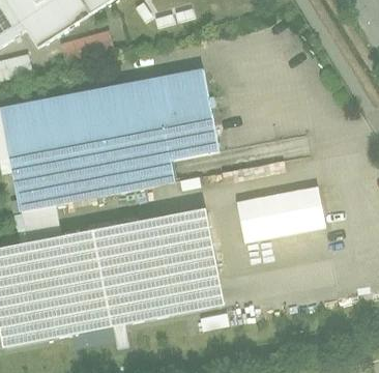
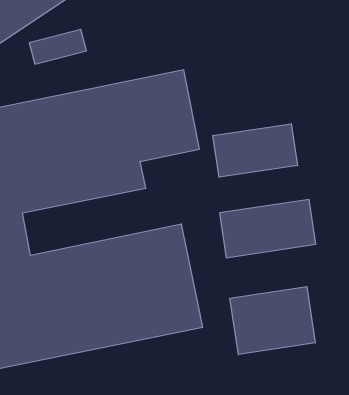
building: none -> [213,124,298,177]
building: none -> [230,287,315,355]

